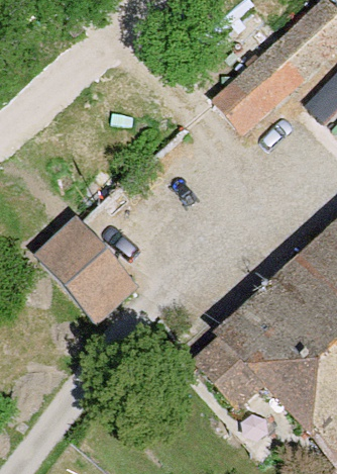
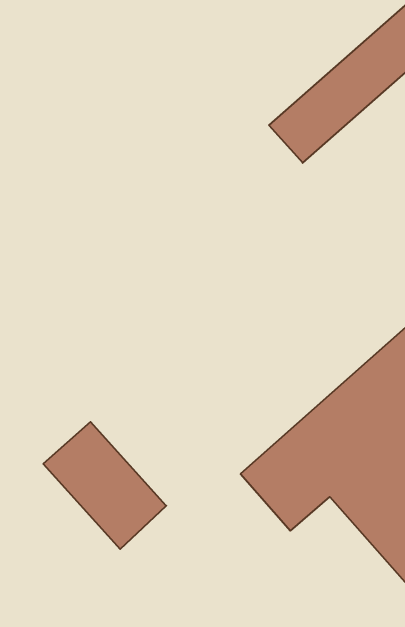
building: [40,218,132,313] -> [43,422,166,549]

